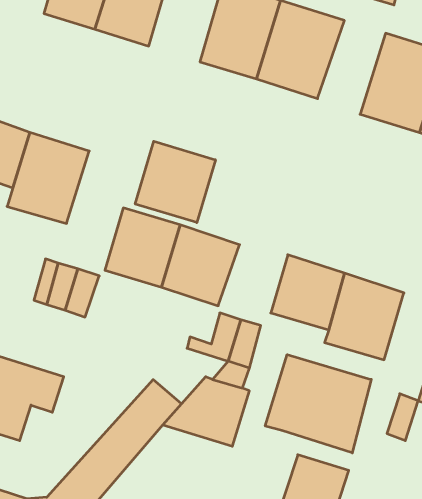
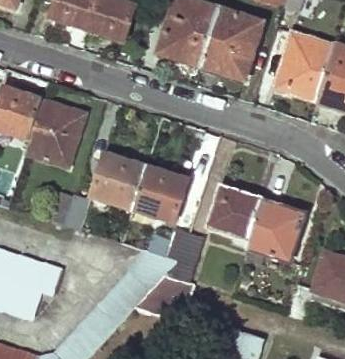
building: [135,141,215,223] -> none
building: [265,355,371,453] -> none

